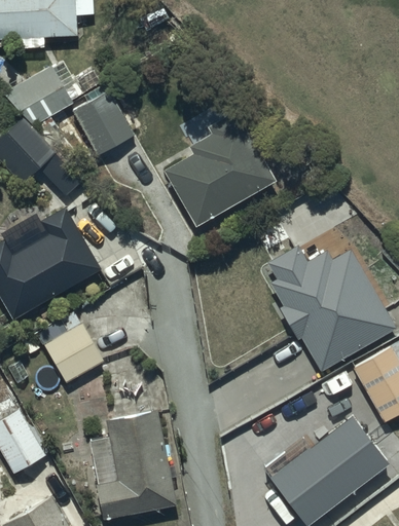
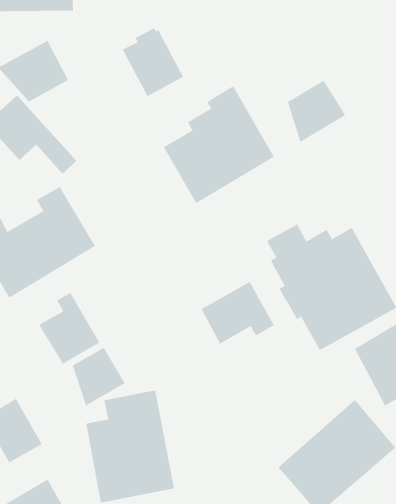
building: [72,87,133,155] -> [122,28,184,97]
building: none -> [287,80,346,143]
building: none -> [201,281,275,345]
building: none -> [72,347,126,406]

